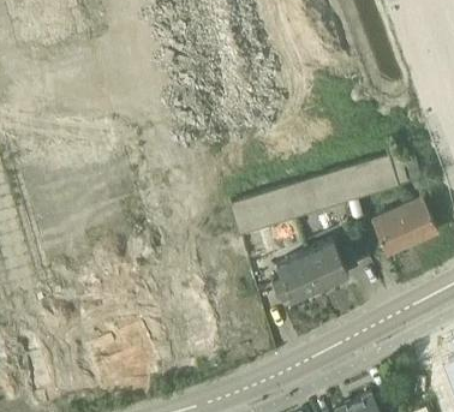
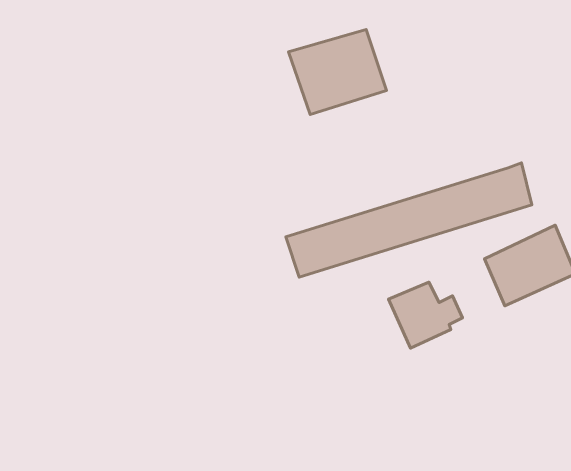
building: none -> [289,30,386,115]
building: [270,251,318,299] -> none

